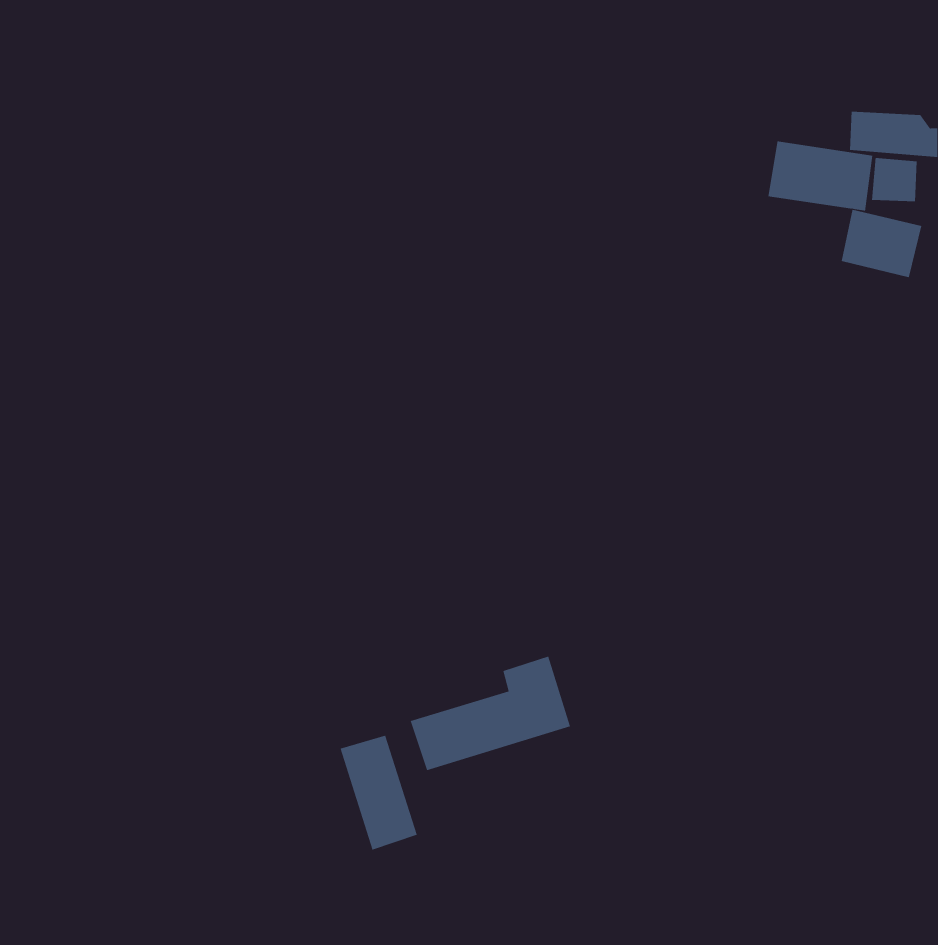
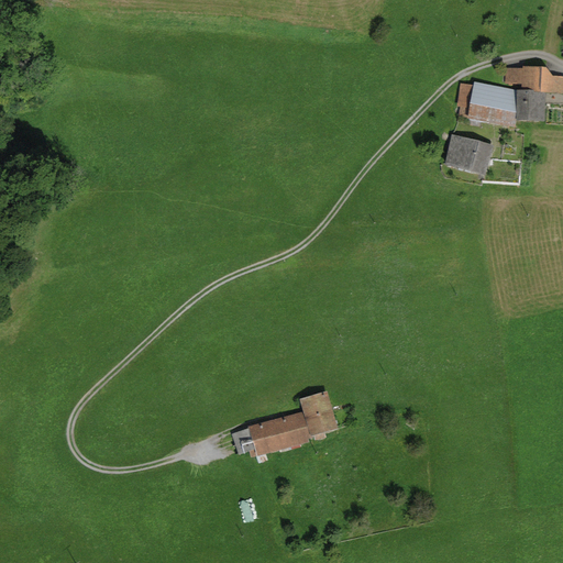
building: [841,209,922,278] -> [445,132,494,173]
building: [340,735,418,850] -> none

